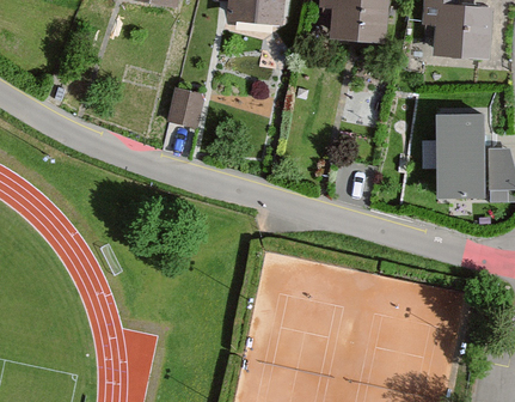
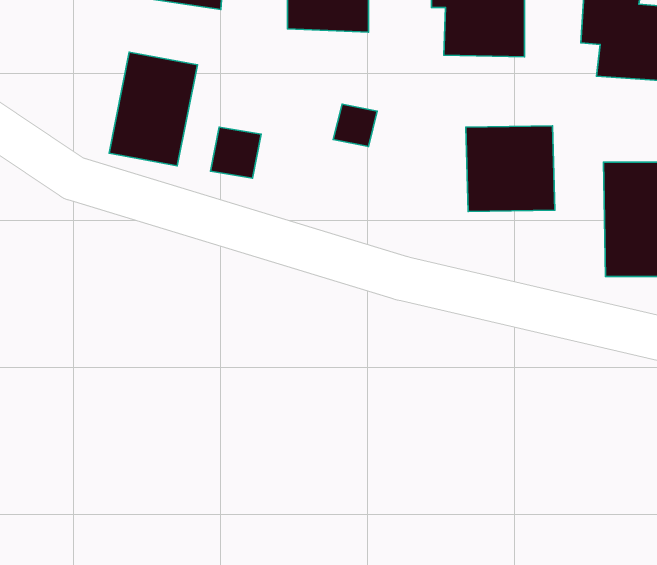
building: none -> [109,52,197,166]
building: none -> [466,126,555,212]

